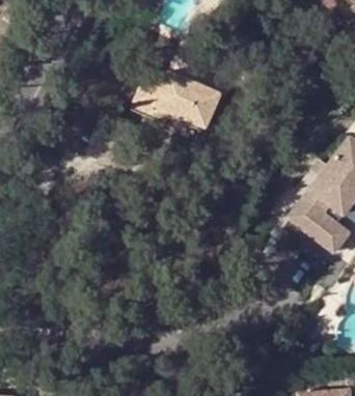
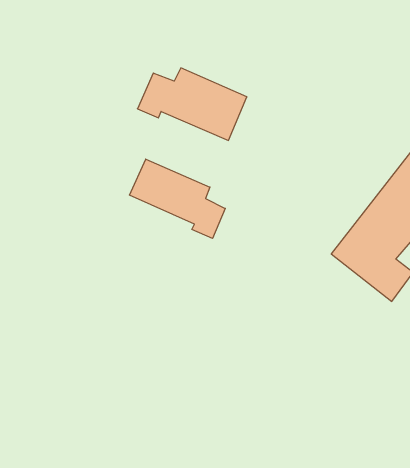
building: none -> [129,159,225,238]

